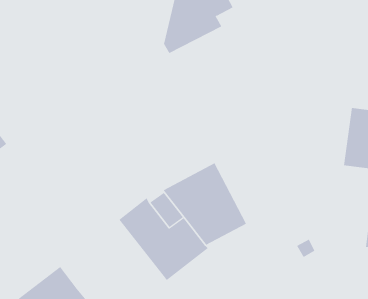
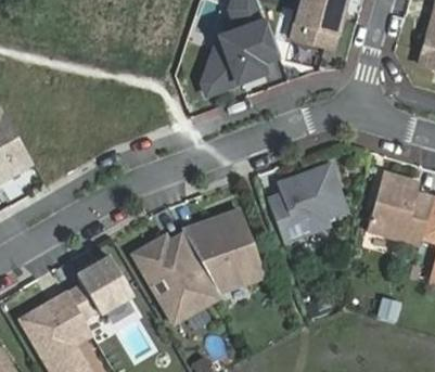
building: none -> [267,164,346,242]
building: none -> [68,256,132,318]

